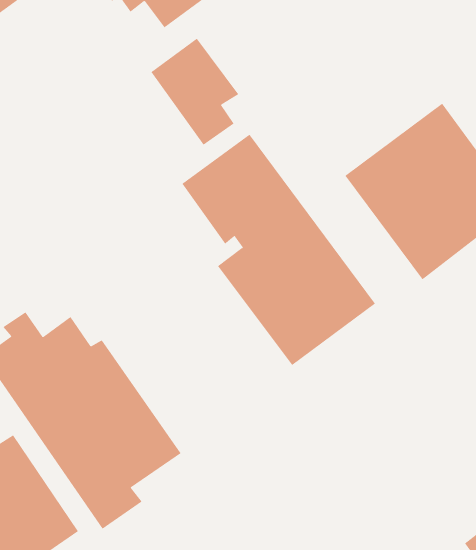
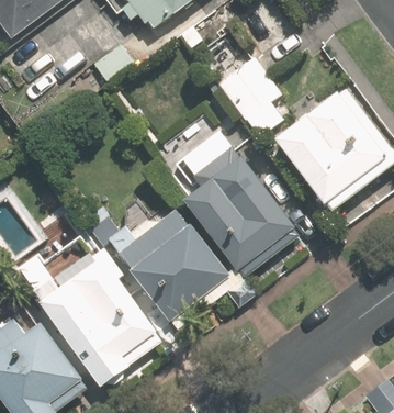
building: [150,38,239,145] -> [217,58,280,134]
building: none -> [108,208,232,322]

